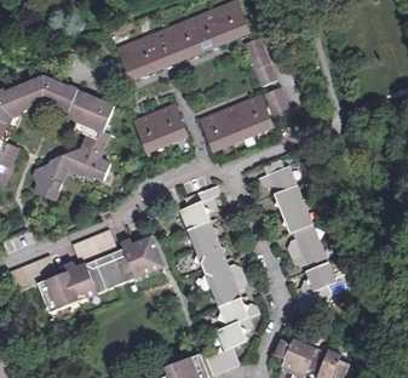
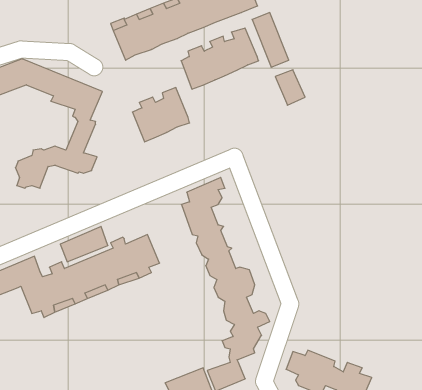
building: [203,97,272,151] -> [181,28,259,89]
building: [258,159,335,316] -> none

